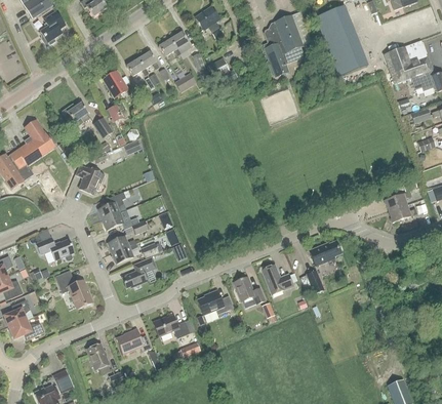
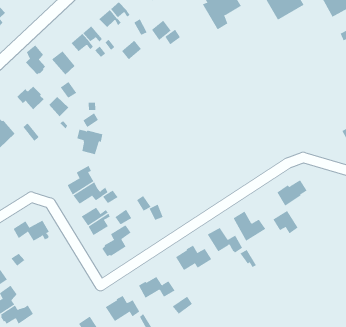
building: none -> [25,45,46,75]
building: [77,164,105,193] -> [76,129,103,155]
building: [55,270,93,308] -> none

